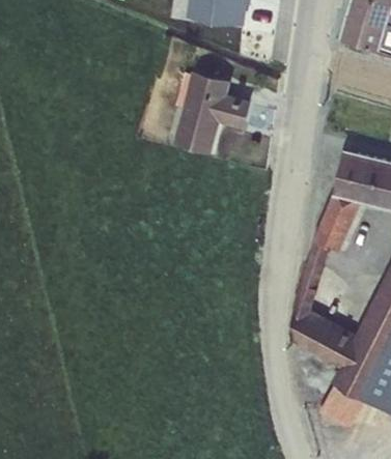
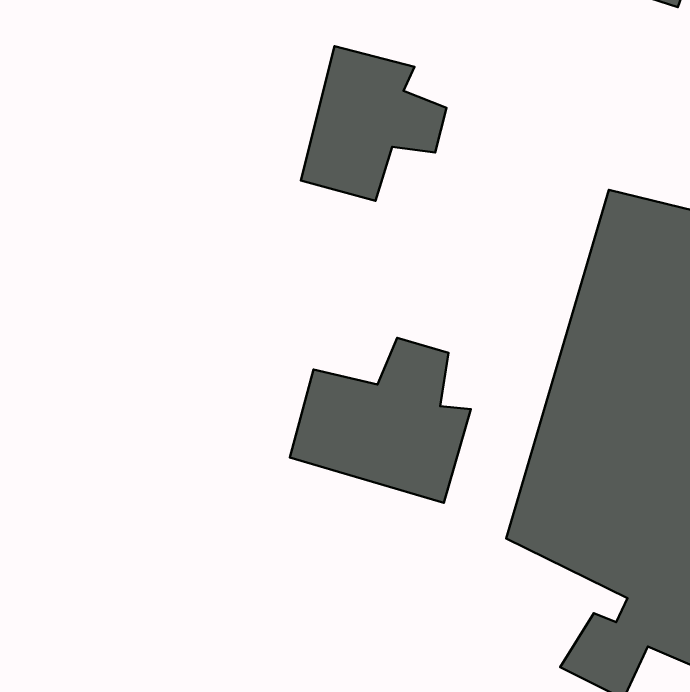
building: none -> [290,338,471,503]

